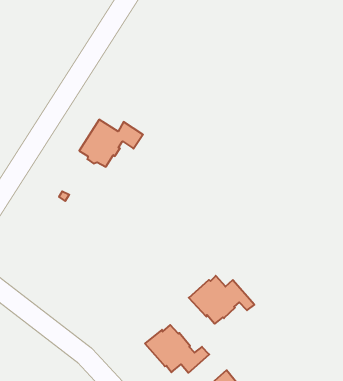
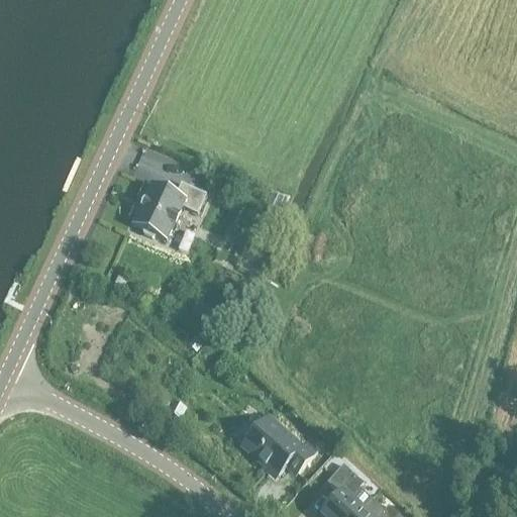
building: [189,276,254,324] -> none

